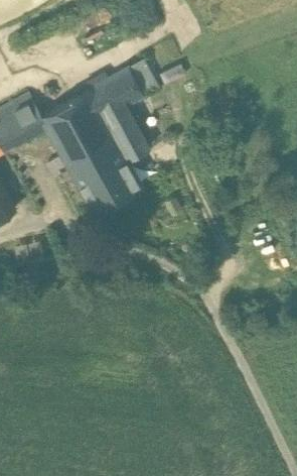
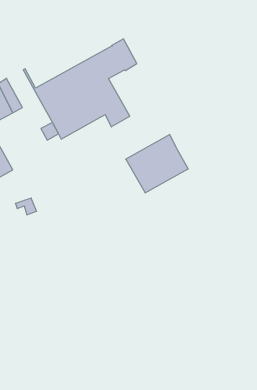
building: [9,96,46,139] -> none
building: [71,147,143,214] -> [126,135,188,193]

